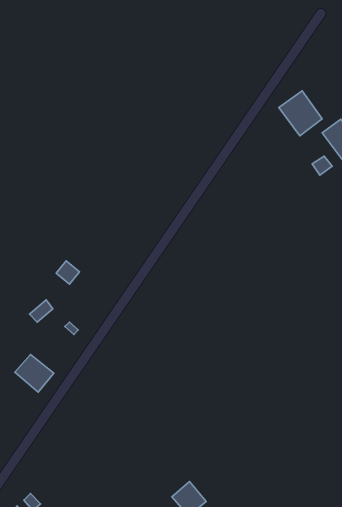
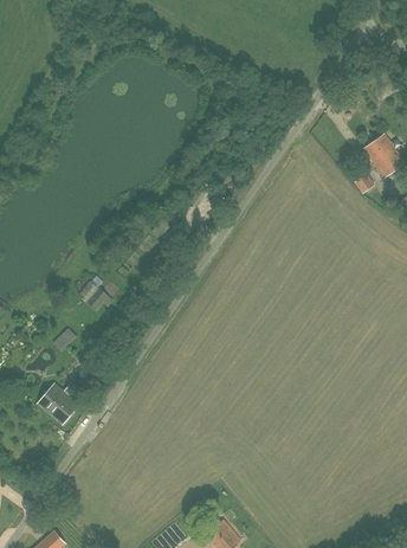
building: [279,91,322,136] -> none

